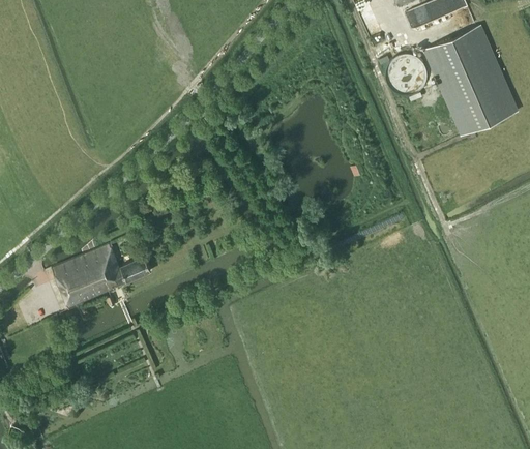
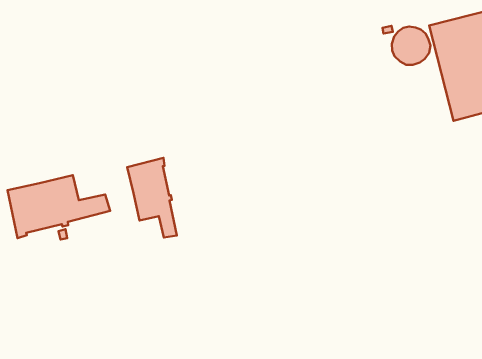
building: none -> [127,158,177,237]

